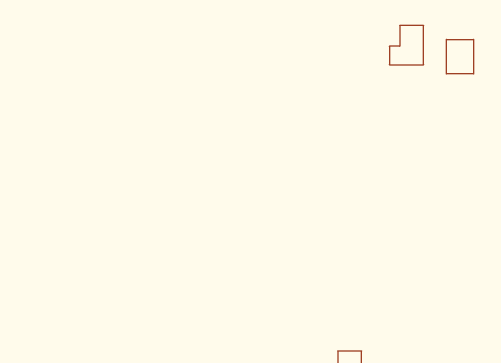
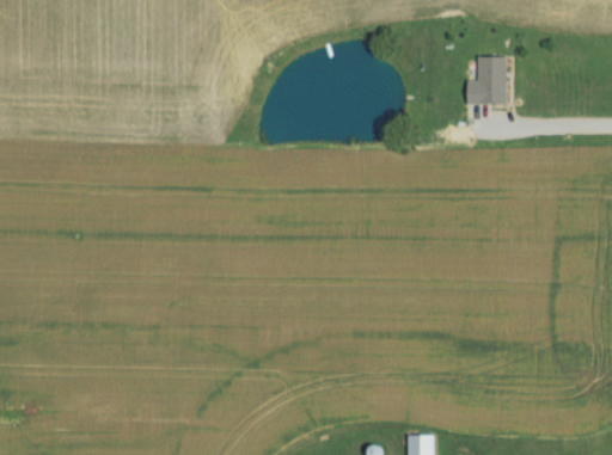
building: [446,39,474,74] -> none

